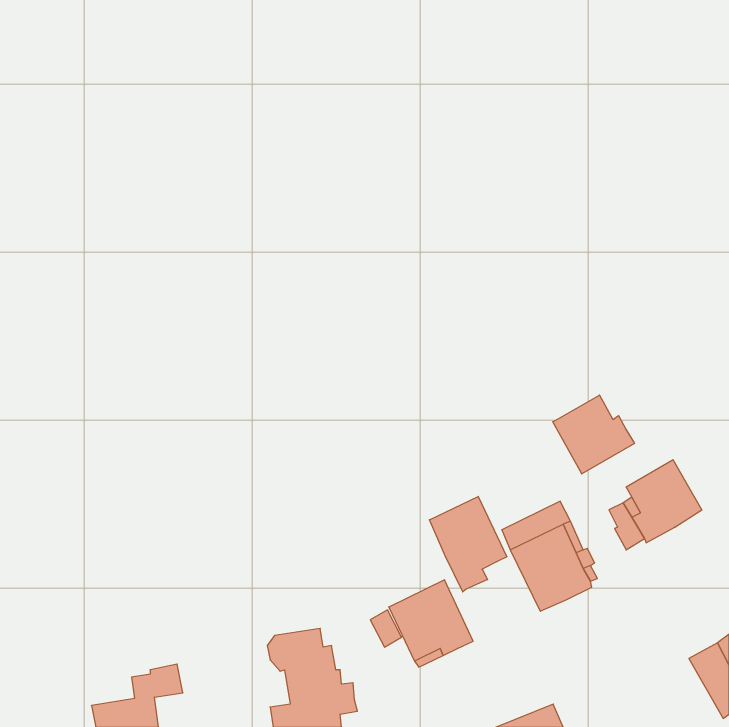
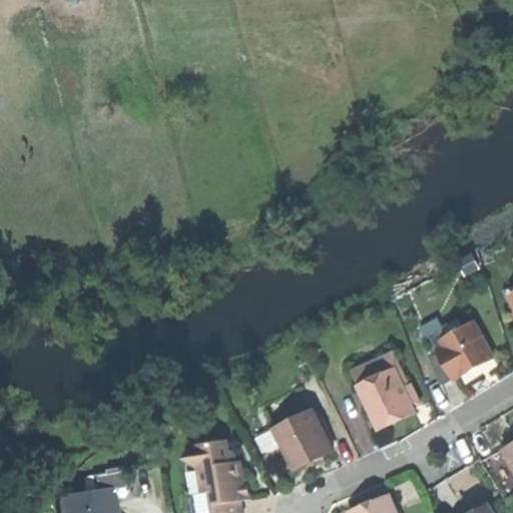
building: [553,395,634,474] -> none
building: [429,496,507,592] -> none

